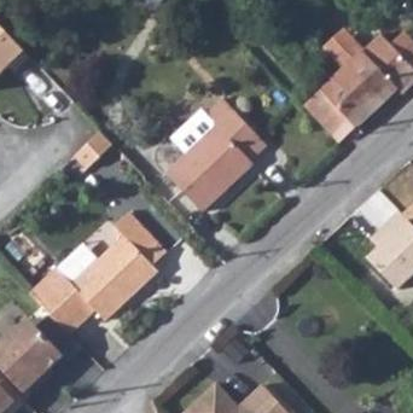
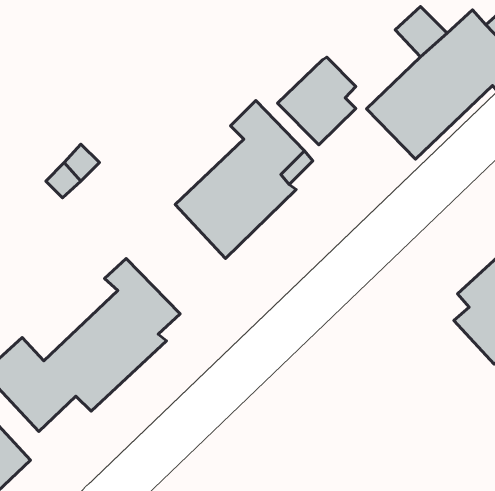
building: none -> [278,57,356,145]

